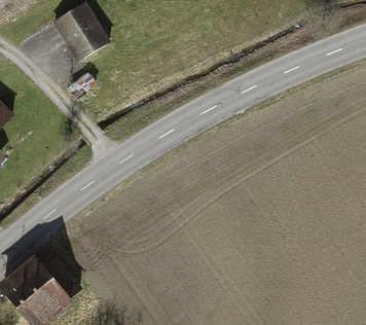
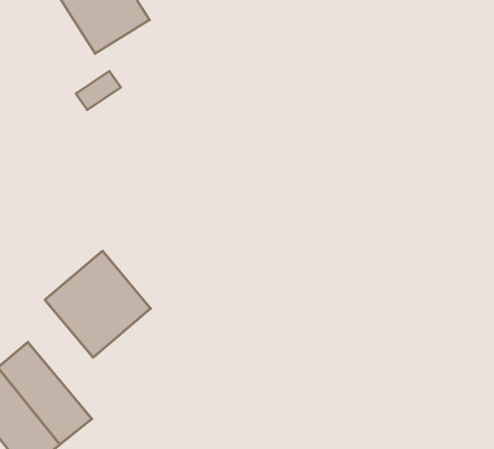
building: none -> [45,251,151,357]

